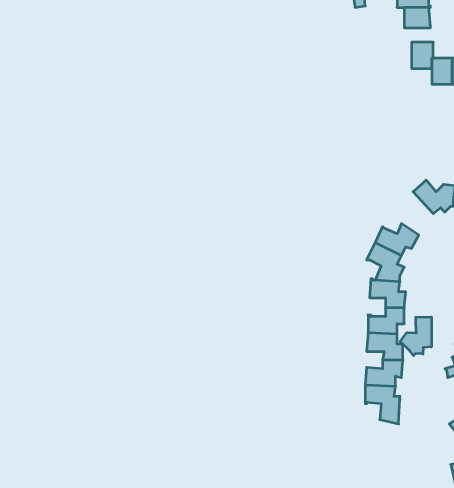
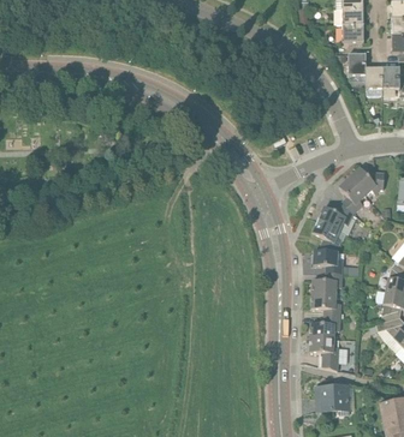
building: none -> [339,176,367,212]
building: [400,317,431,356] -> none
building: none -> [316,384,350,411]

